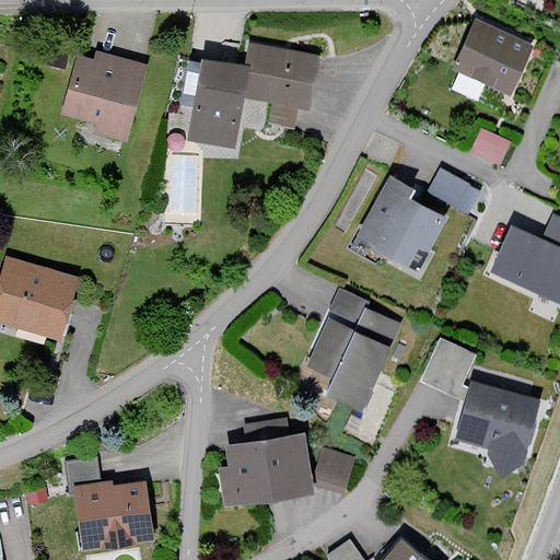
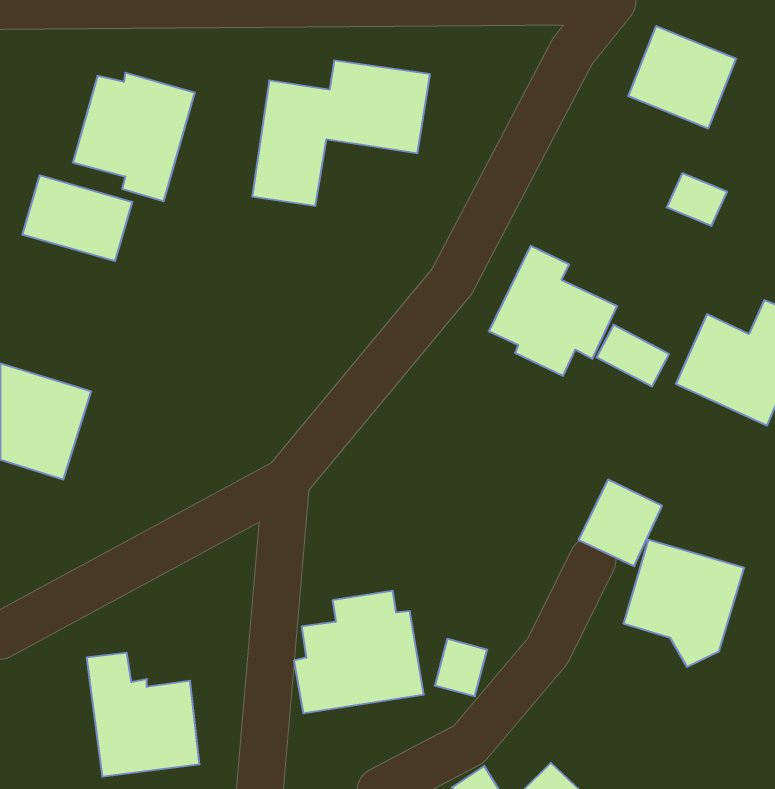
building: none -> [23,175,132,261]
building: [433,173,485,217] -> [596,325,669,387]
building: [308,292,402,416] -> none

